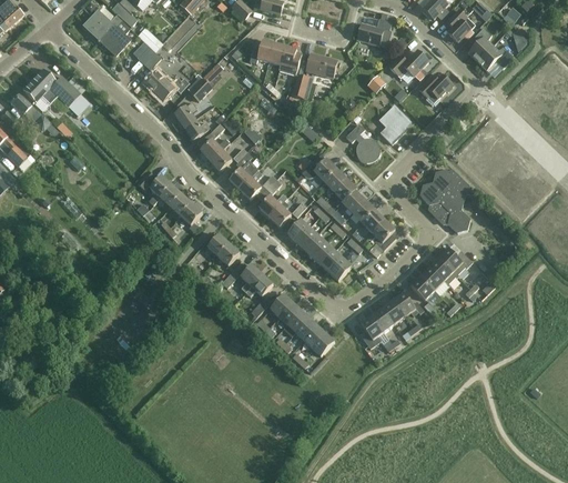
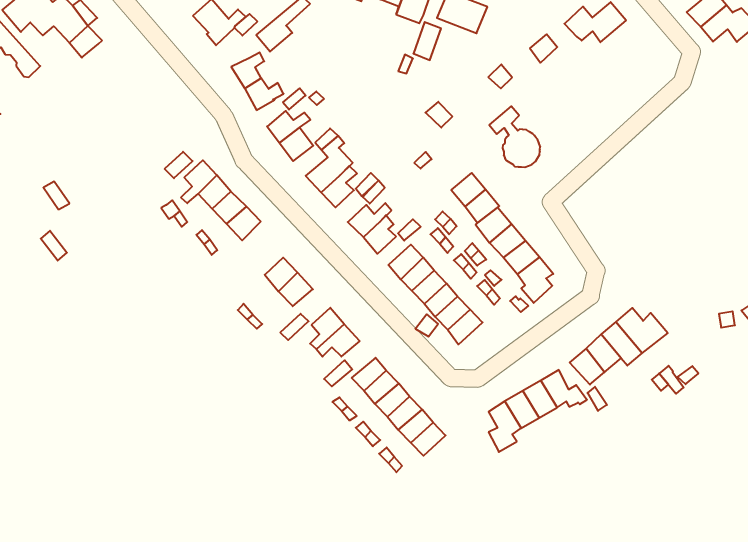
building: [418,74,453,104] -> none
building: [379,104,406,143] -> none
building: [302,154,336,181] -> none
building: [419,169,469,232] -> none

